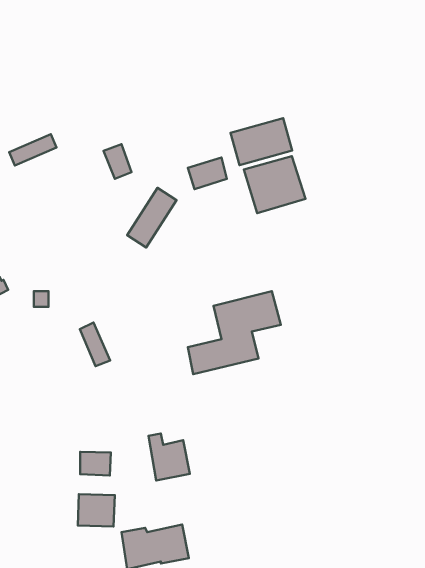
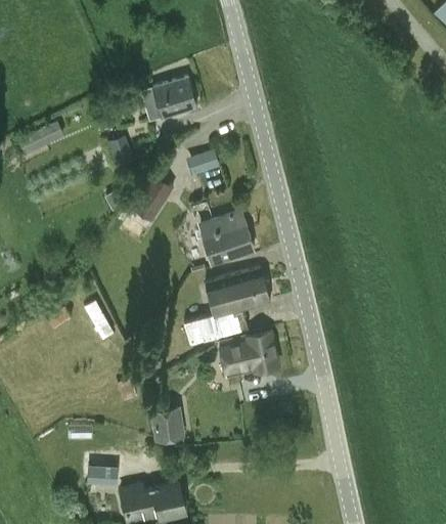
building: [231,118,292,165] -> [140,78,196,121]
building: [244,156,305,213] -> [197,212,254,264]
building: none -> [219,332,278,379]
building: [80,452,111,476] -> none

